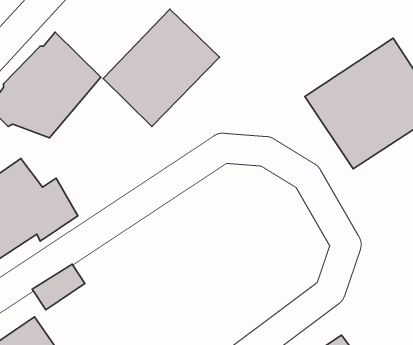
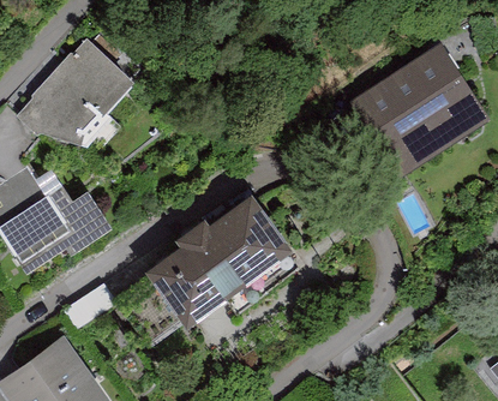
building: [103,9,219,127] -> none
building: none -> [146,198,293,331]

